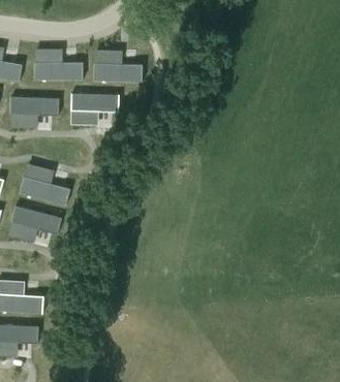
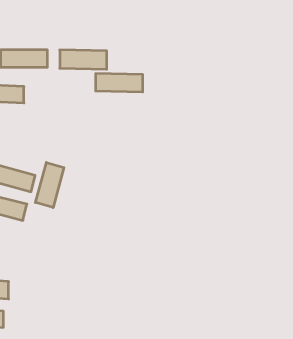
building: [70,93,118,112] -> [96,74,143,92]
building: none -> [35,162,64,208]

